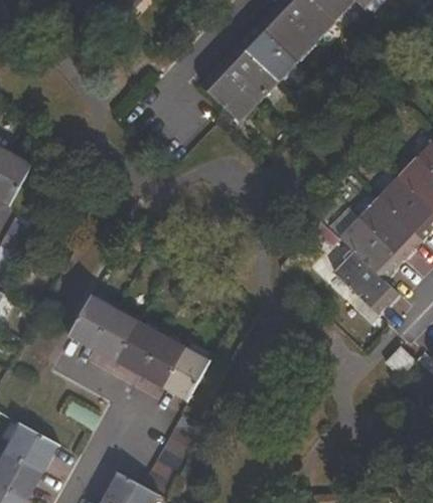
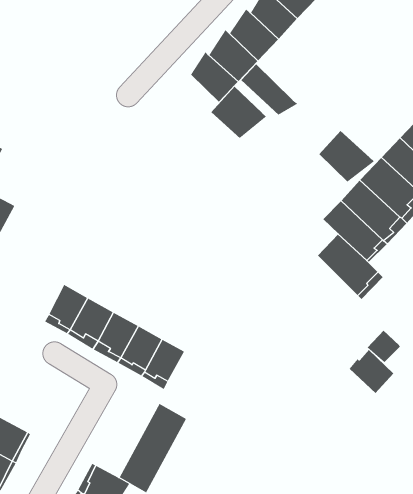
building: none -> [241,63,298,115]
building: none -> [210,86,267,139]
building: none -> [319,130,375,182]
building: none -> [349,349,394,394]

